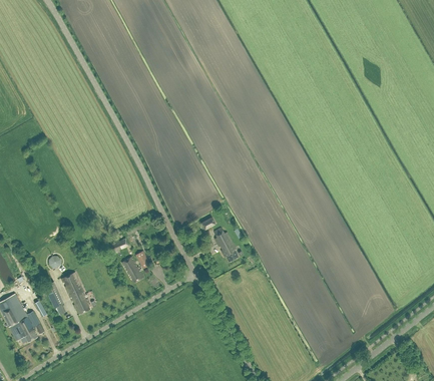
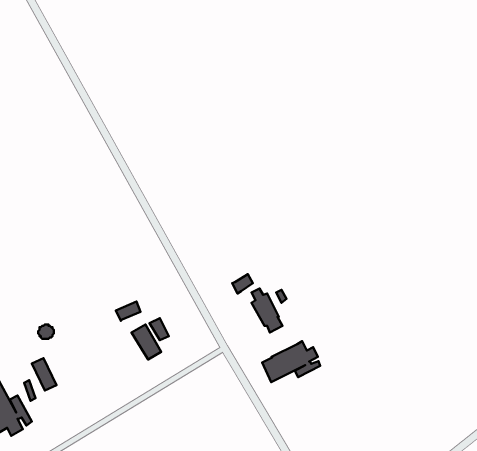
building: none -> [262,341,320,382]
building: [61,272,90,314] -> none

